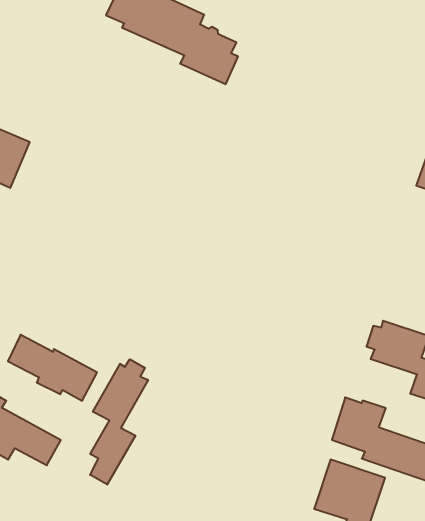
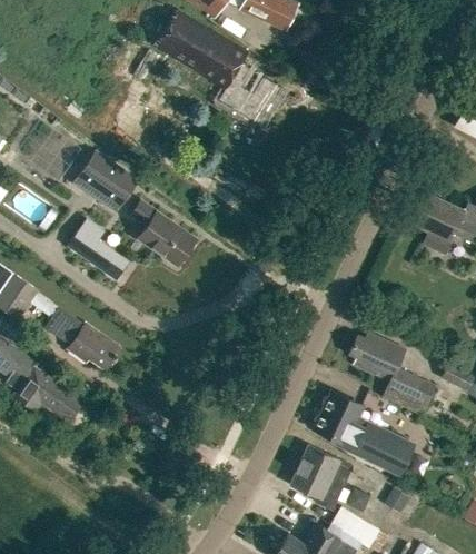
building: none -> [80,151,138,204]
building: none -> [132,200,196,265]
building: none -> [70,219,128,278]
building: [90,359,148,485] -> none

